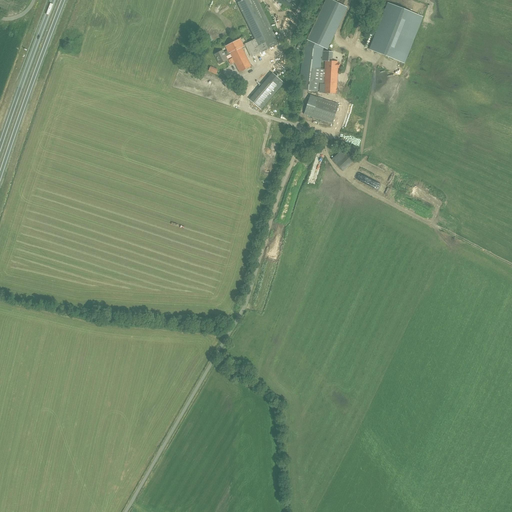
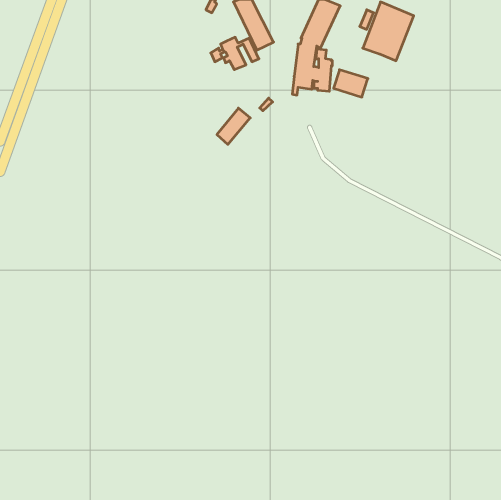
building: [250,72,284,109] -> [217,108,250,144]
building: [304,94,339,122] -> [334,70,368,97]

